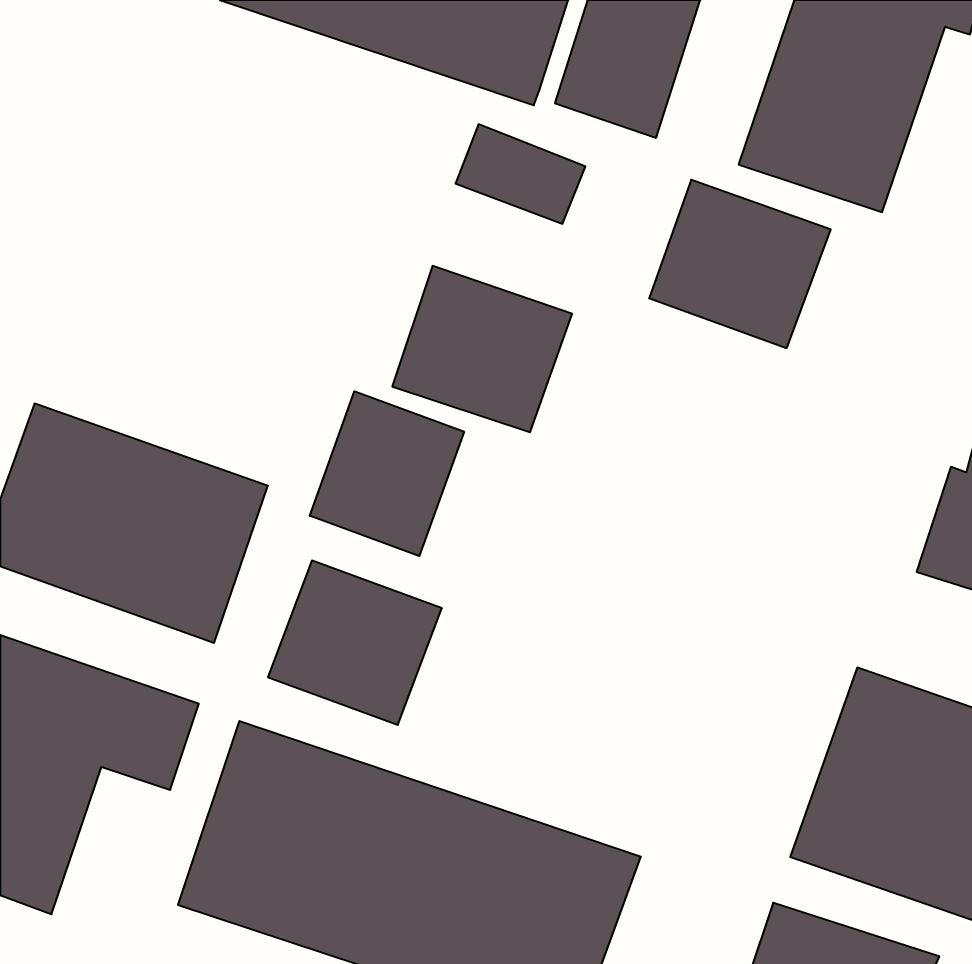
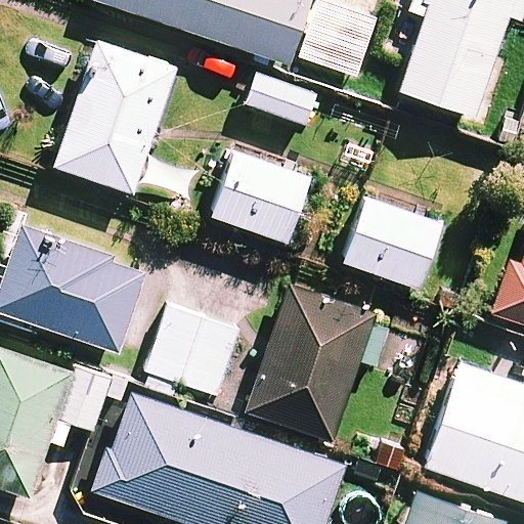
building: none -> [55,43,176,191]
building: [649,180,831,348] -> [344,195,441,286]
building: [310,391,464,556] -> none
building: none -> [247,288,392,440]

